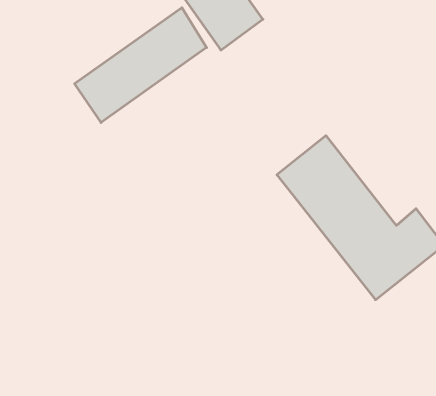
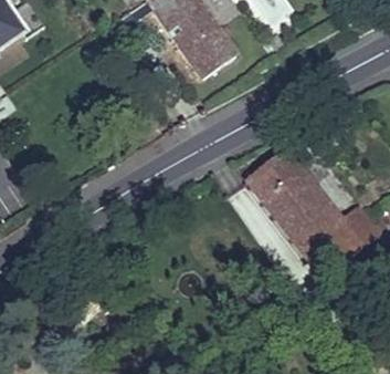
building: [75,8,207,123] -> none

